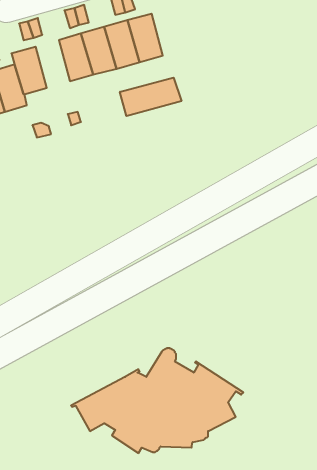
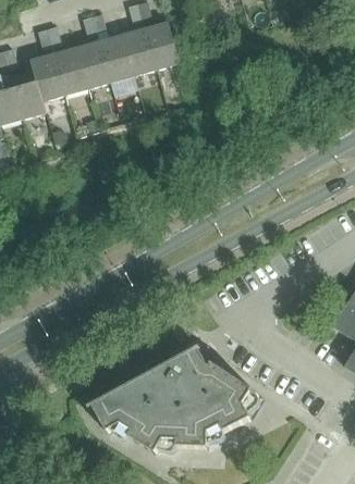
building: none -> [54,47,88,94]
building: [120,78,181,116] -> none

